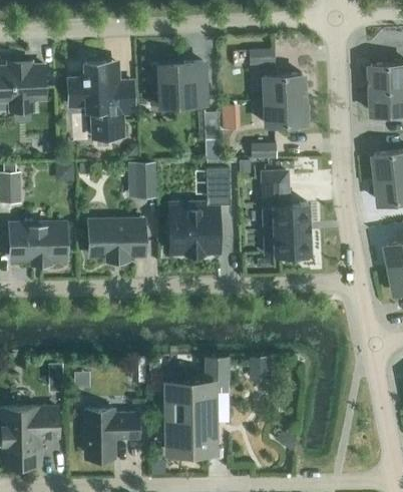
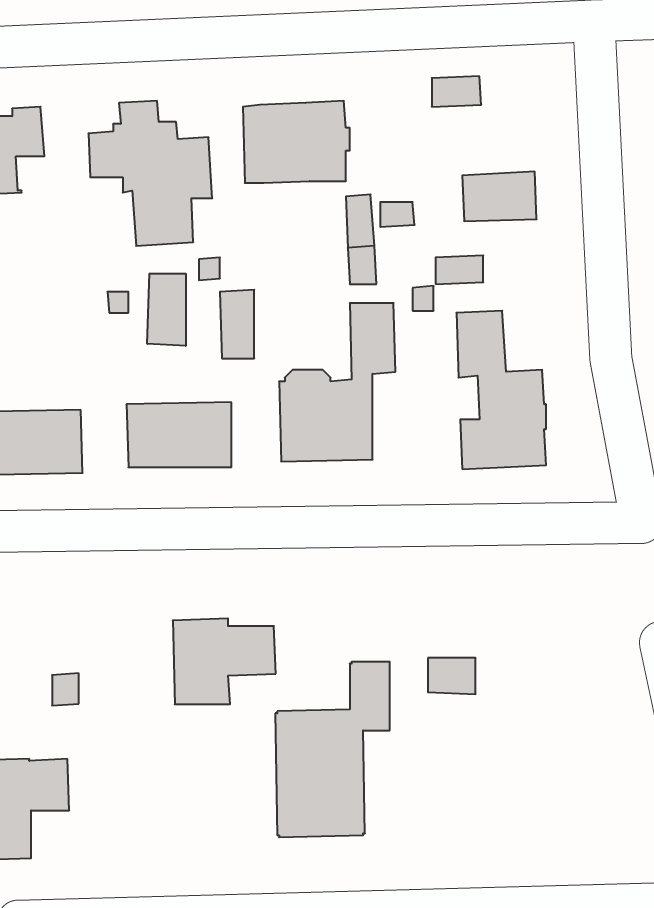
building: [264,74,303,102] -> none
building: none -> [147,274,186,346]
building: [84,410,138,455] -> [173,618,276,704]

